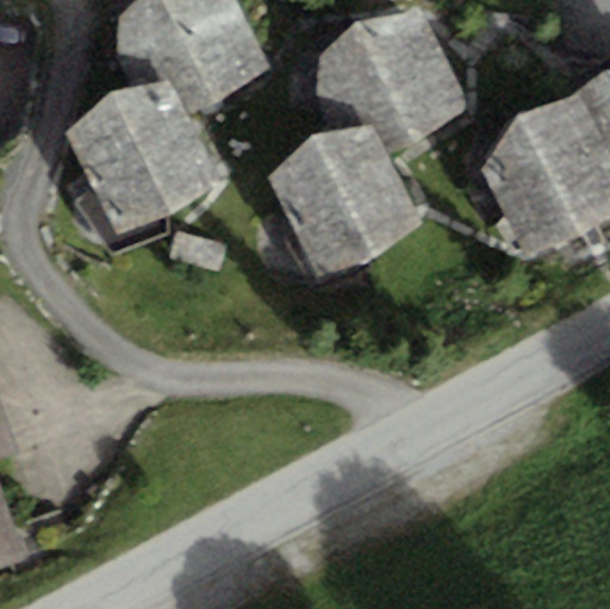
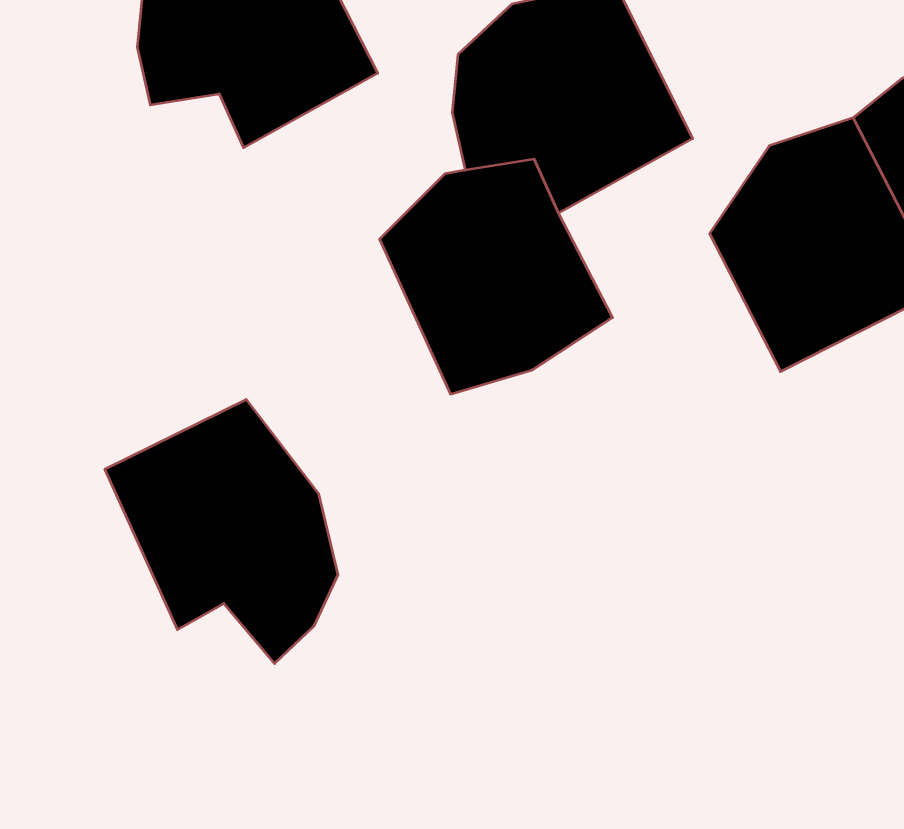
building: [69,81,218,231] -> none
building: none -> [105,399,338,664]

